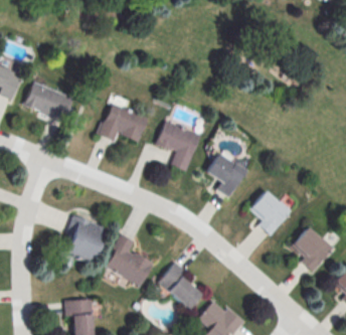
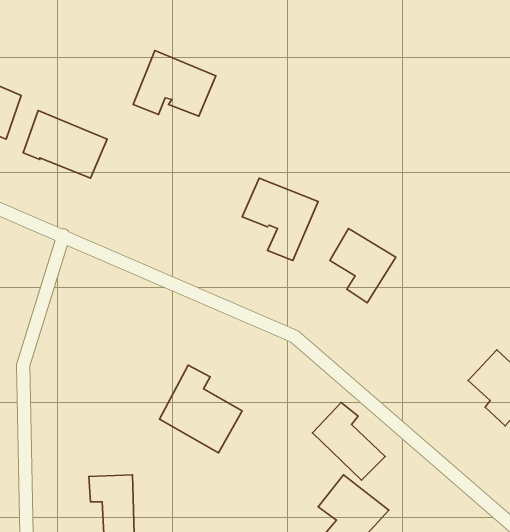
building: [98,105,147,144] -> [133,51,216,116]
building: [248,192,291,236] -> none
building: [65,214,107,263] -> none
building: [159,263,202,309] -> [313,403,385,480]

